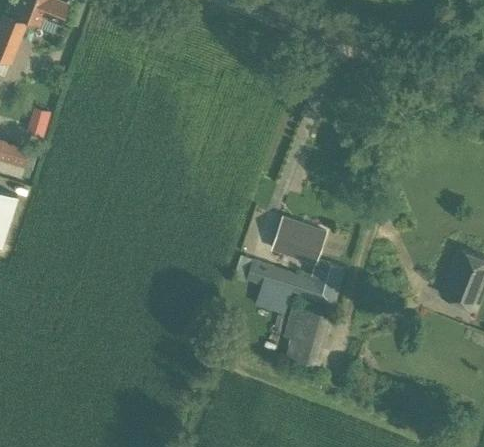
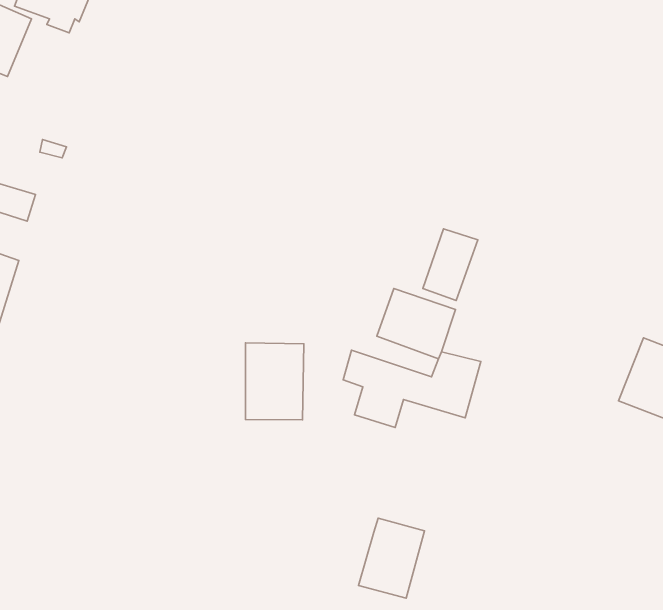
building: none -> [423,229,478,301]
building: none -> [245,343,304,420]
building: [285,309,332,366] -> [358,518,424,598]

